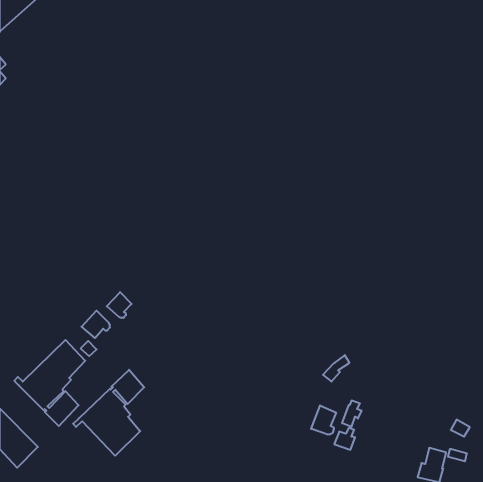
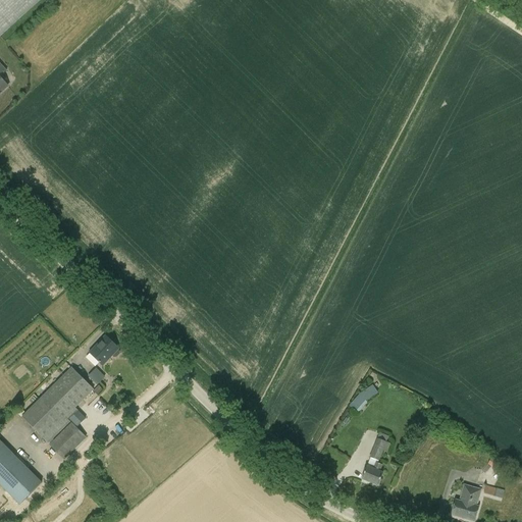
building: [107,292,132,318] -> none
building: [73,370,144,456] -> none
building: [311,405,336,435] -> none

